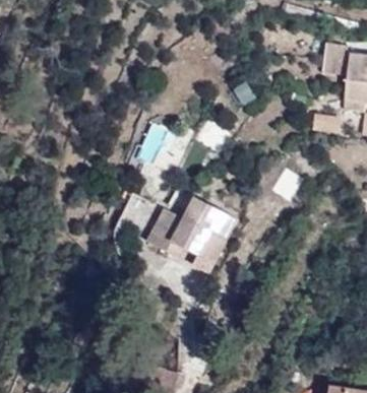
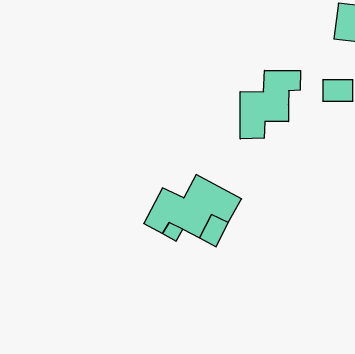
building: none -> [240,70,300,139]

